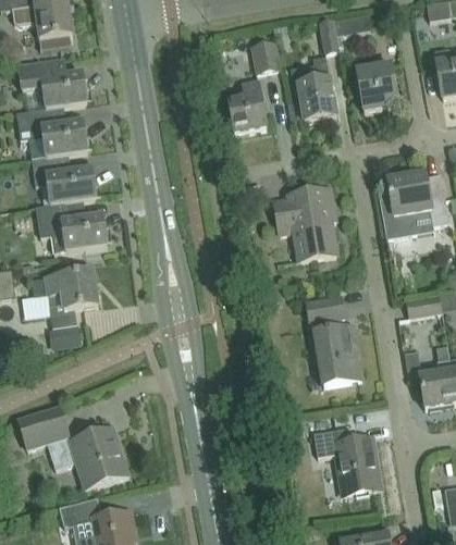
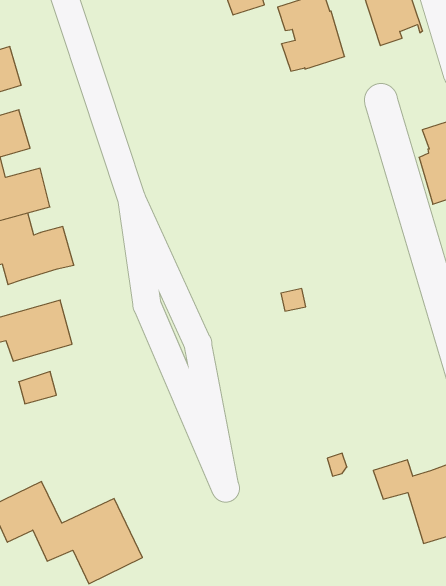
building: [229,80,267,133] -> none
building: [274,188,336,263] -> none
building: [307,296,361,384] -> none

